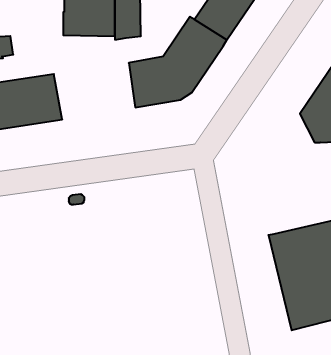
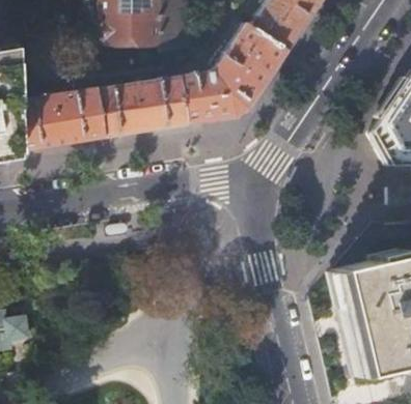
building: none -> [94,75,186,138]

